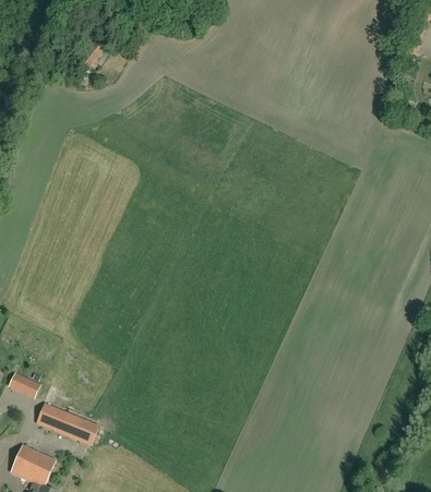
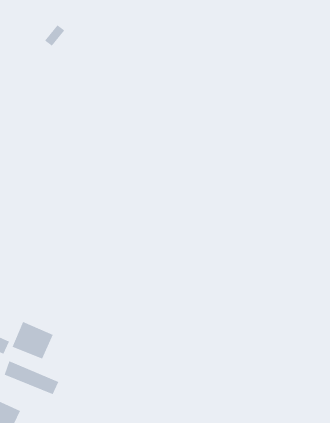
building: none -> [12,321,54,360]

